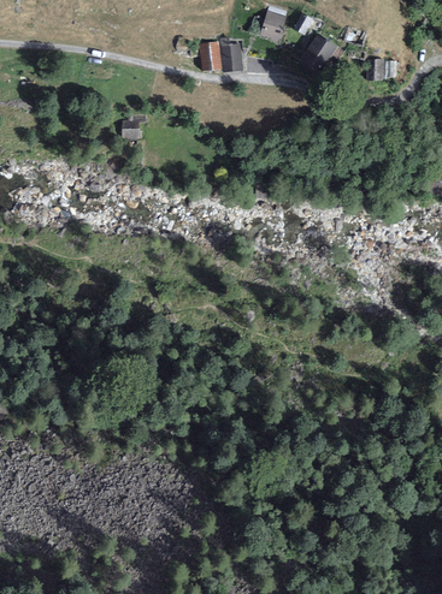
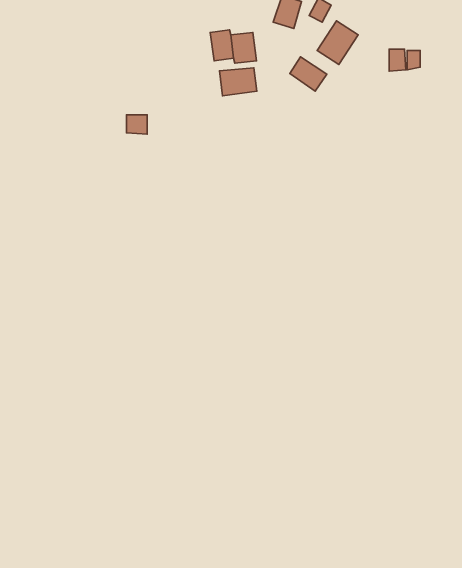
building: none -> [290,57,327,91]
building: none -> [220,68,257,96]

